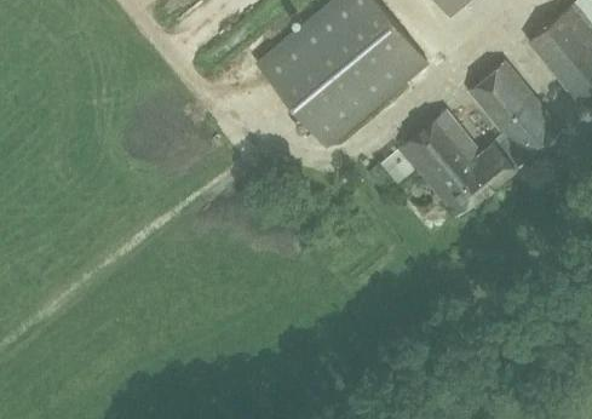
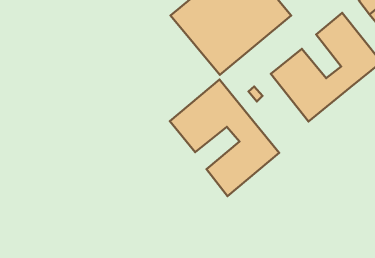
building: none -> [170,80,279,196]

